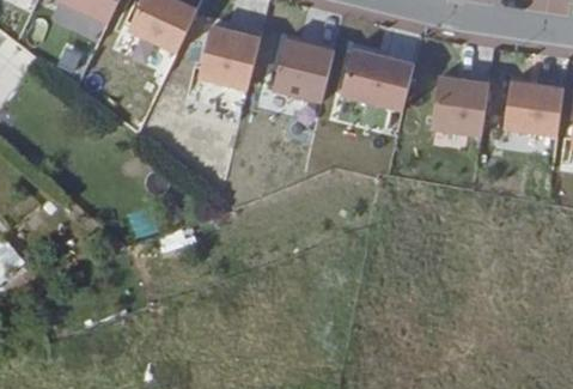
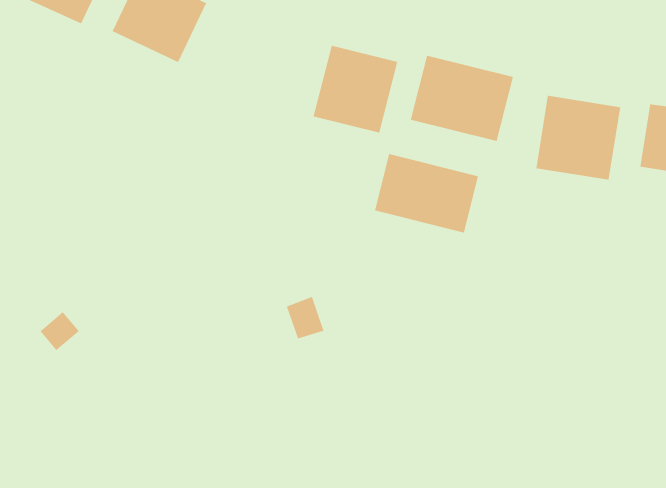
building: [194,26,258,90] -> none
building: none -> [374,153,479,233]

